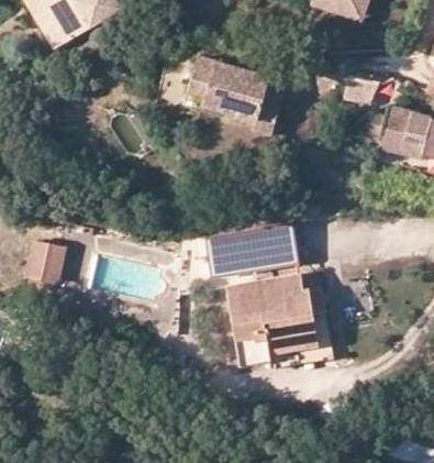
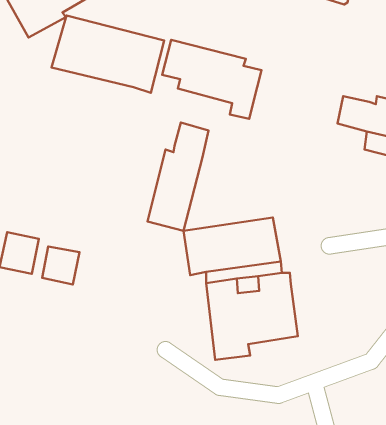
building: none -> [52,15,164,93]
building: none -> [148,123,208,231]
building: none -> [42,246,79,285]

